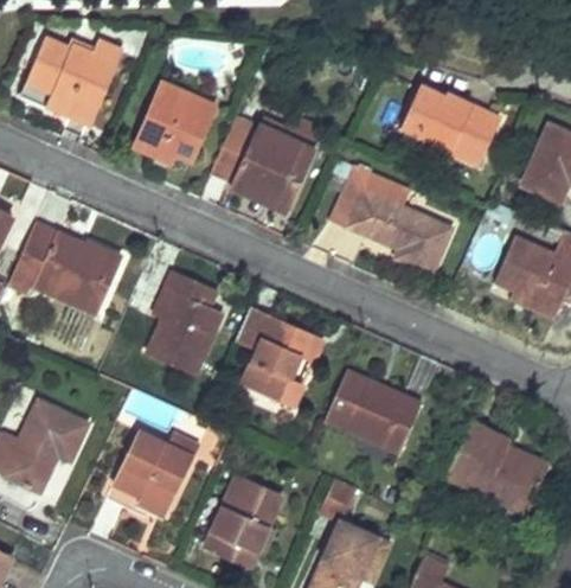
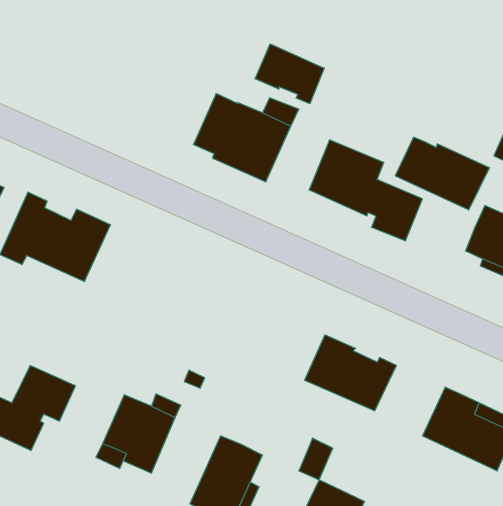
building: [20,33,122,120] -> none
building: none -> [255,44,324,104]
building: [135,85,212,161] -> none
building: [402,88,500,164] -> [395,137,489,210]
building: [149,271,222,372] -> none
building: [237,308,320,405] -> none

